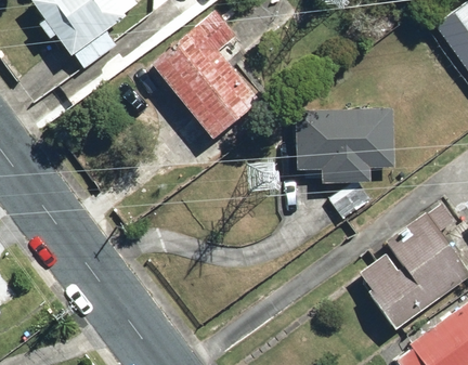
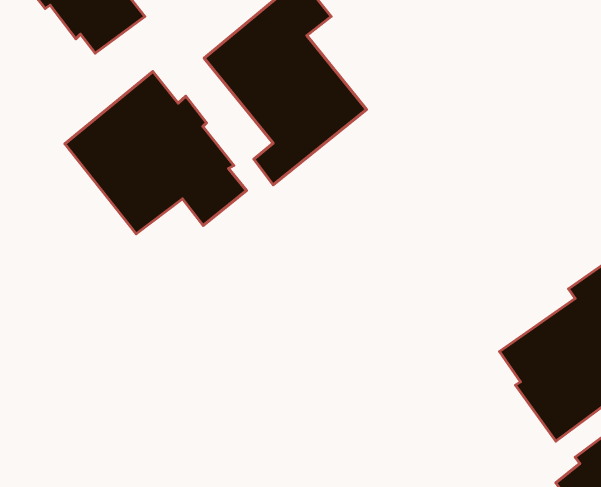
building: none -> [65,71,246,234]
building: [296,109,391,181] -> none

